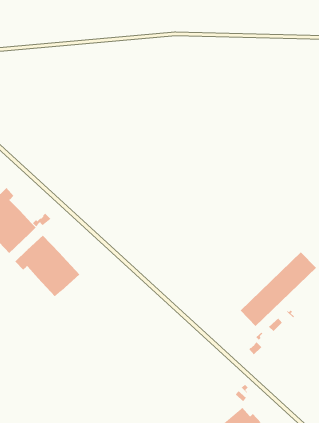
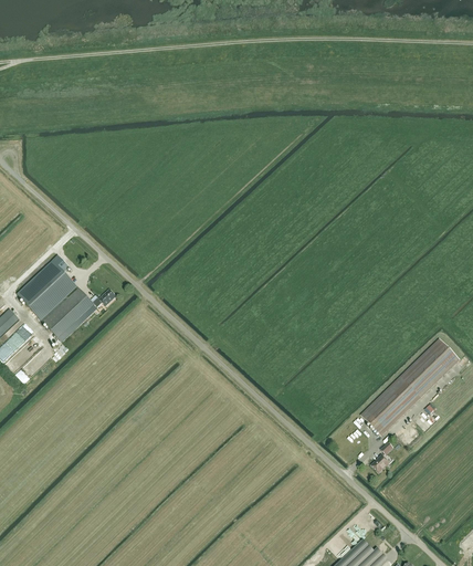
building: [14,235,80,297] -> none

